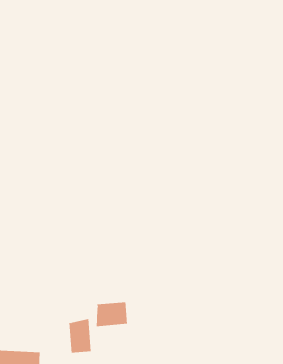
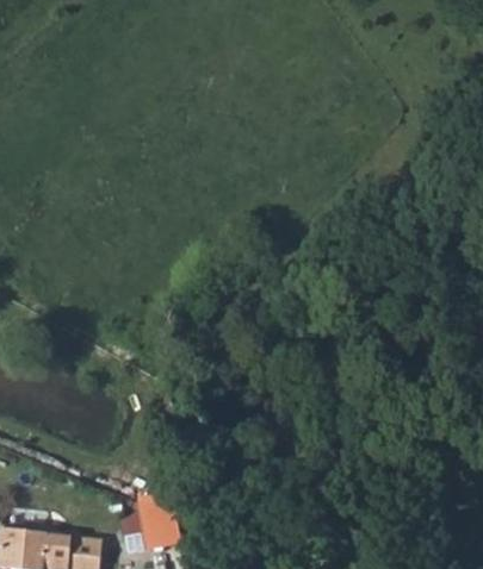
building: [96,301,128,327] -> none

